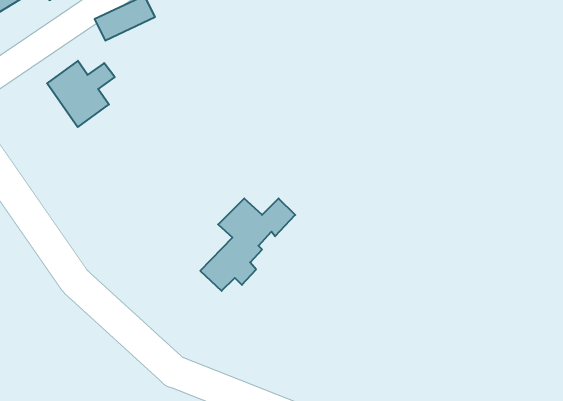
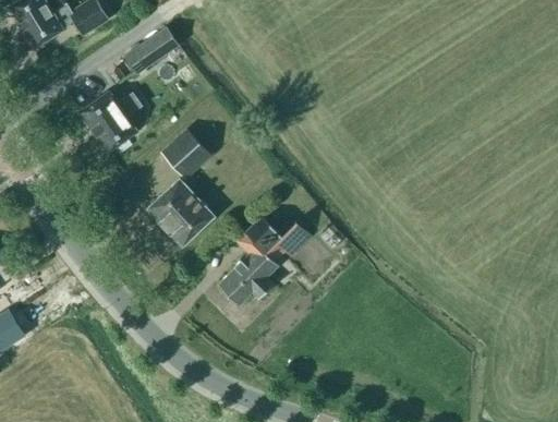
building: none -> [162,131,209,178]
building: none -> [147,180,214,246]

